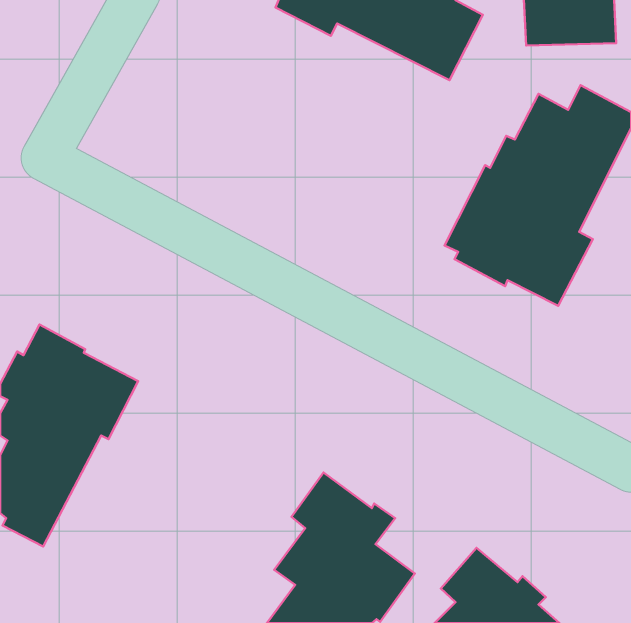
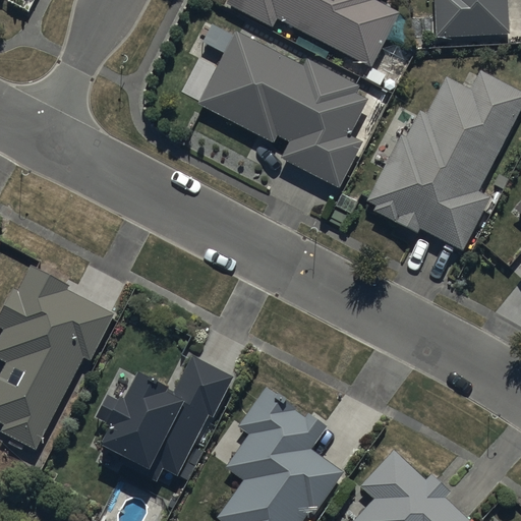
building: none -> [197,33,368,190]
building: none -> [98,348,235,474]

